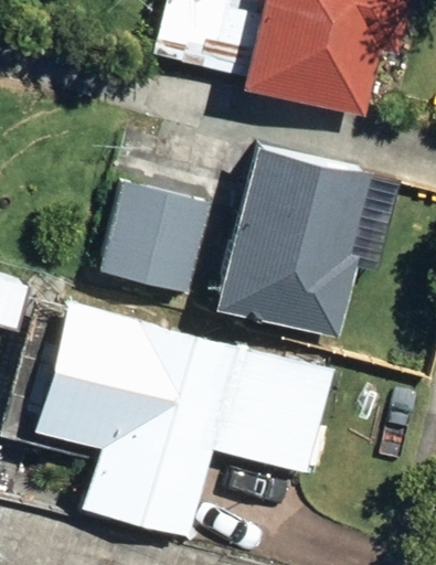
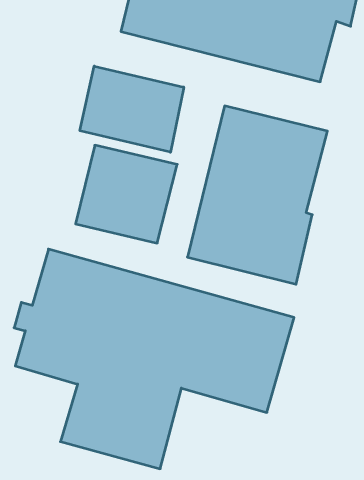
building: none -> [80,66,184,152]

